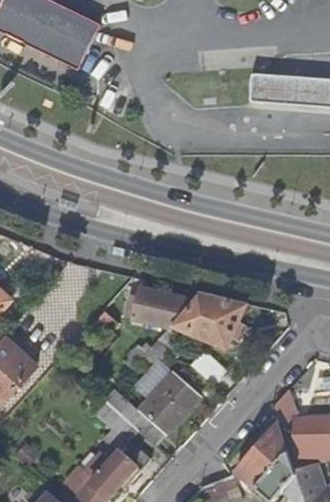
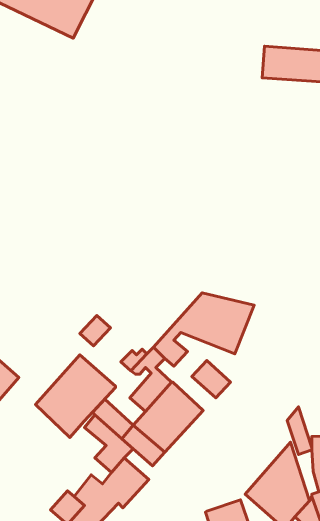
building: [128,287,168,326] -> none
building: none -> [35,355,116,437]

